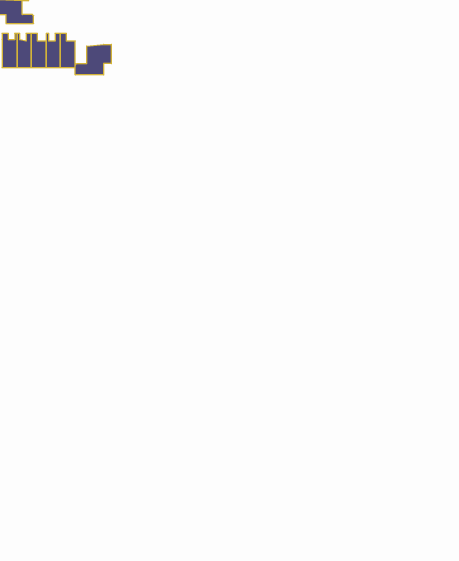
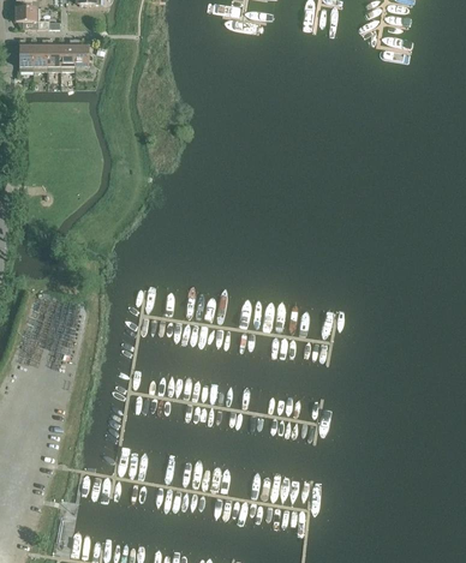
building: [75,44,111,75] -> none

